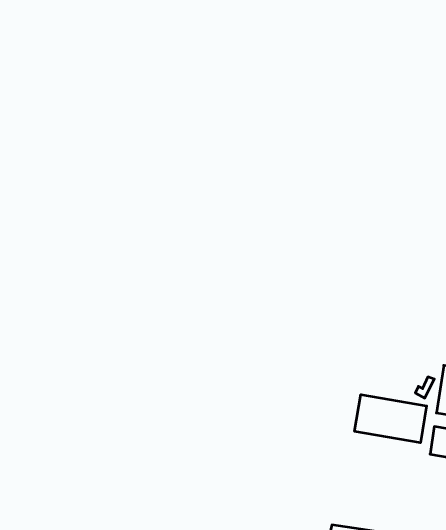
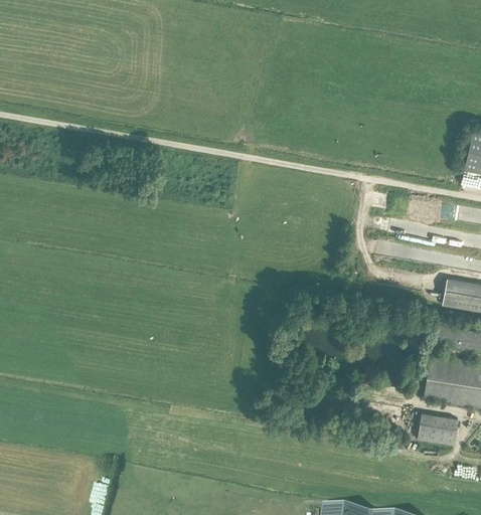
building: [355,395,427,443] -> none

